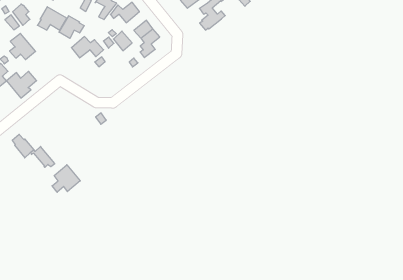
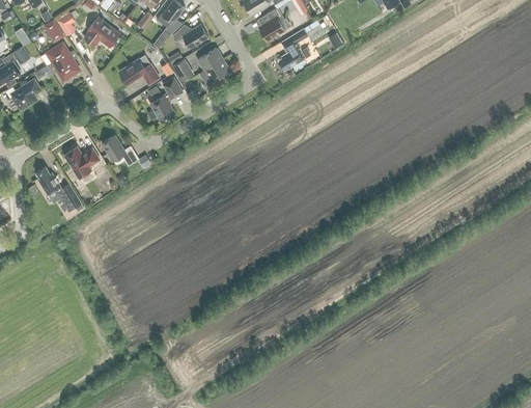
building: [59,16,84,38] -> none
building: none -> [150,79,183,123]
building: [6,71,37,98] -> [64,147,101,179]
building: none -> [102,136,139,166]
building: [52,165,80,192] -> none

